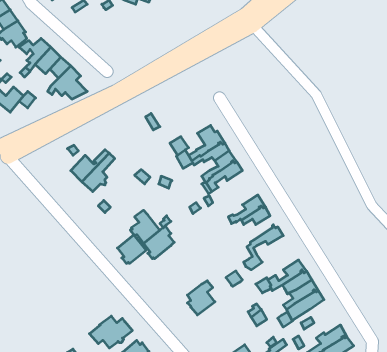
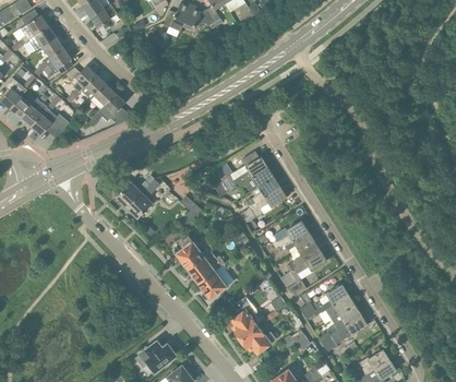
building: none -> [280,241,321,287]
building: [117,235,146,263] -> [199,271,227,299]
building: none -> [241,326,276,354]

